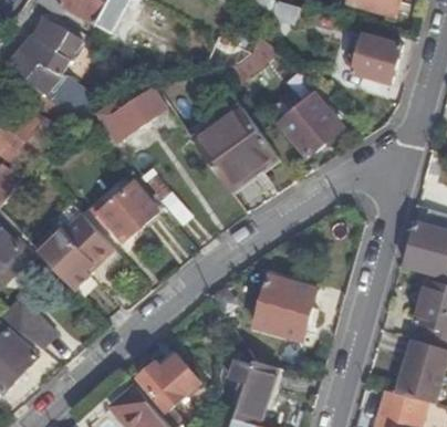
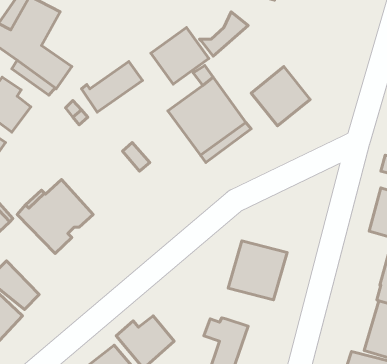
building: [353,32,403,83] -> none
building: none -> [151,27,209,84]
building: [96,181,156,239] -> none

